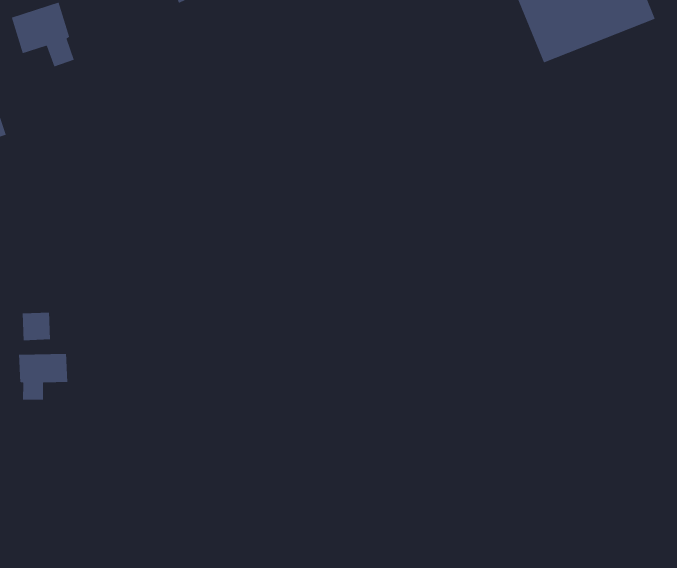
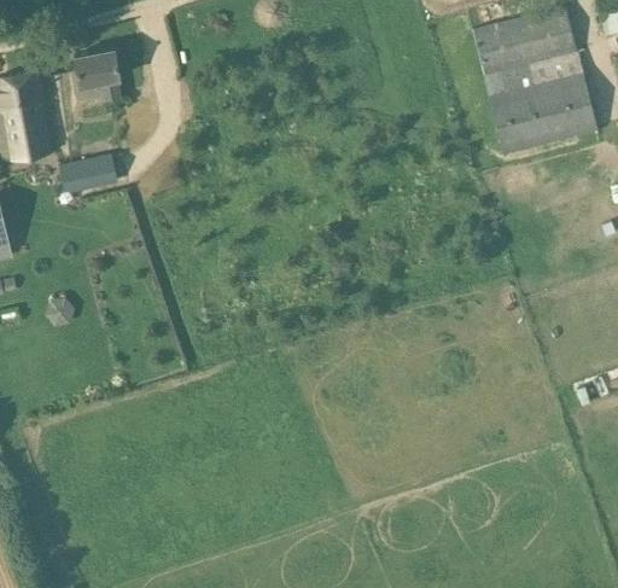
building: none -> [57,153,117,194]
building: [18,353,68,401] -> none

